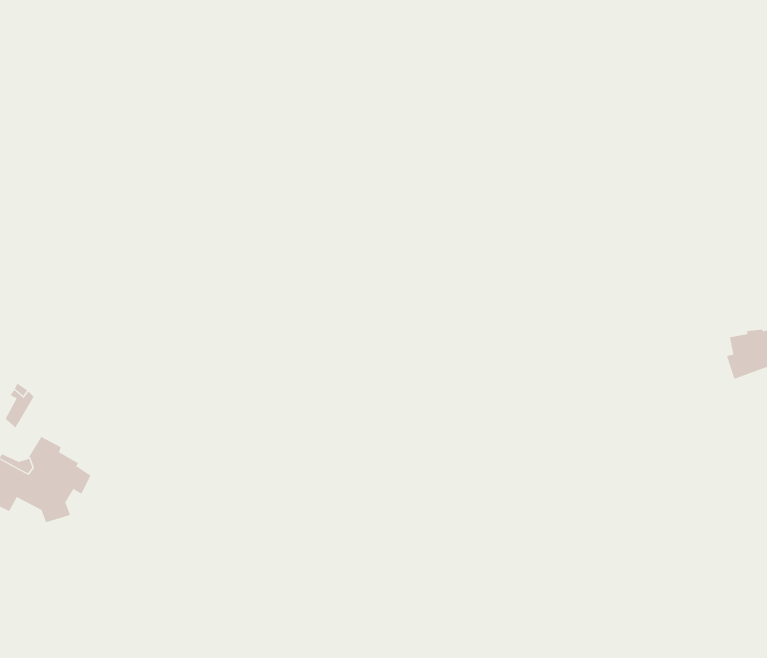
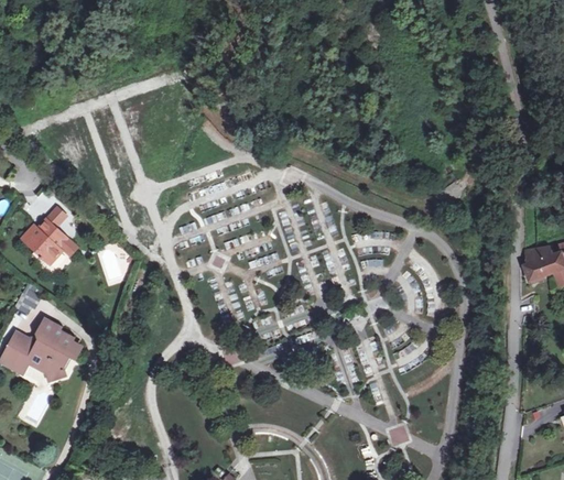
building: none -> [23,218,68,263]

